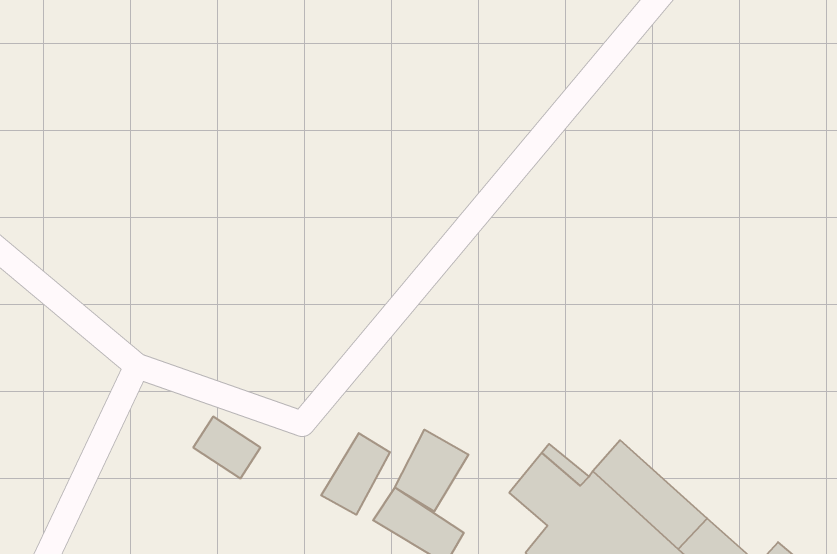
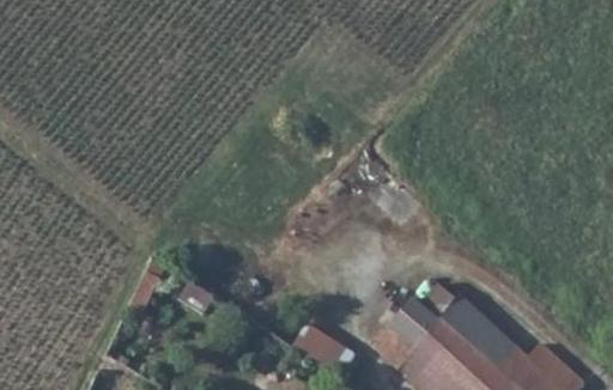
building: [395,430,468,511] -> none
building: [321,433,390,515] -> none

